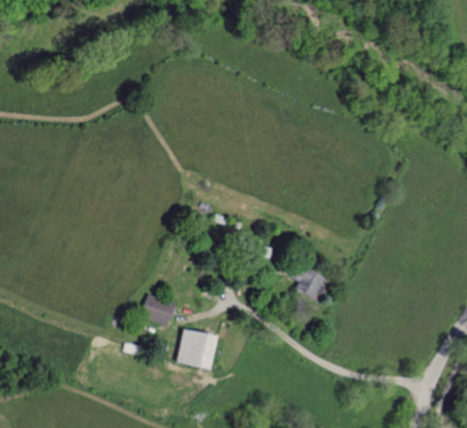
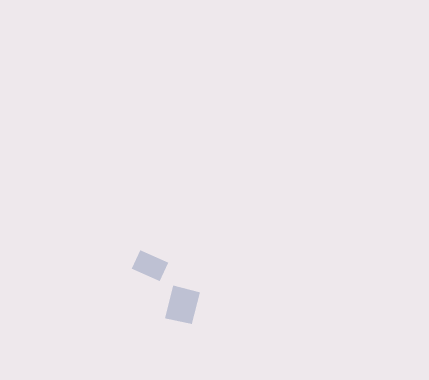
building: [294,266,325,299] -> none

